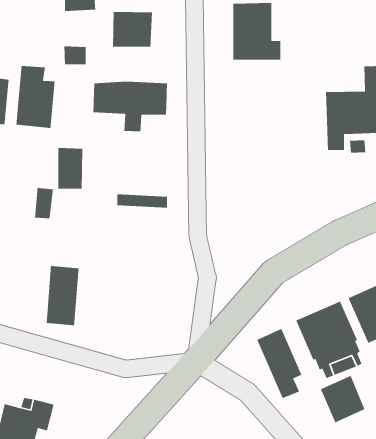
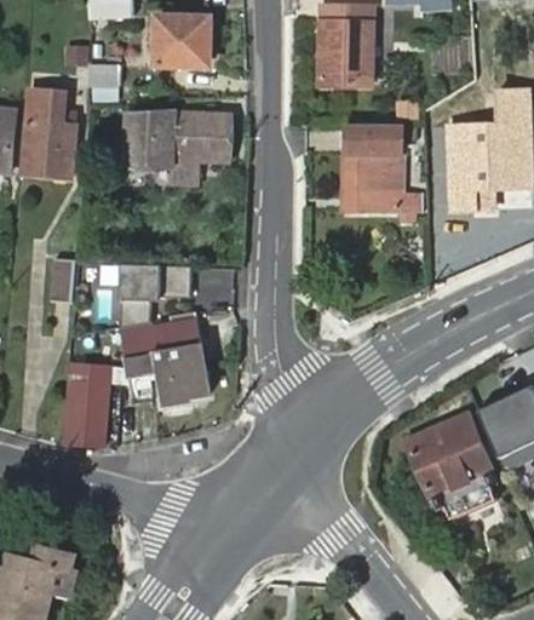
building: none -> [341,124,420,213]
building: [58,147,83,190] -> [121,265,156,323]
building: none -> [124,323,208,408]
building: [256,328,302,399] -> none
building: [320,375,365,424] -> none

